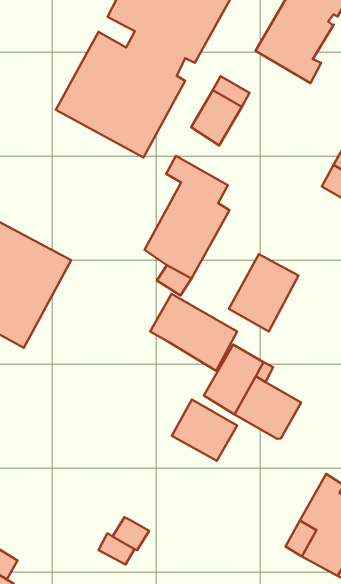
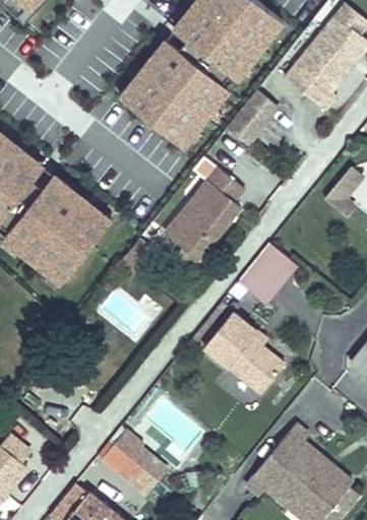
building: [150,294,237,371] -> none
building: [172,399,237,461] -> none

